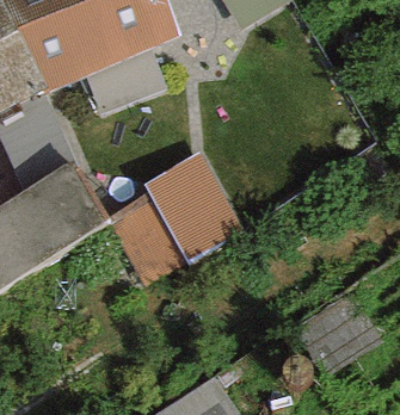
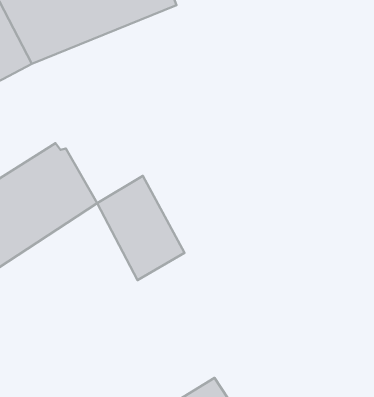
building: [143,153,244,264] -> none

